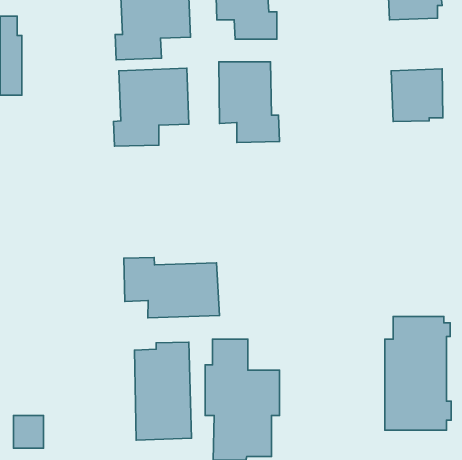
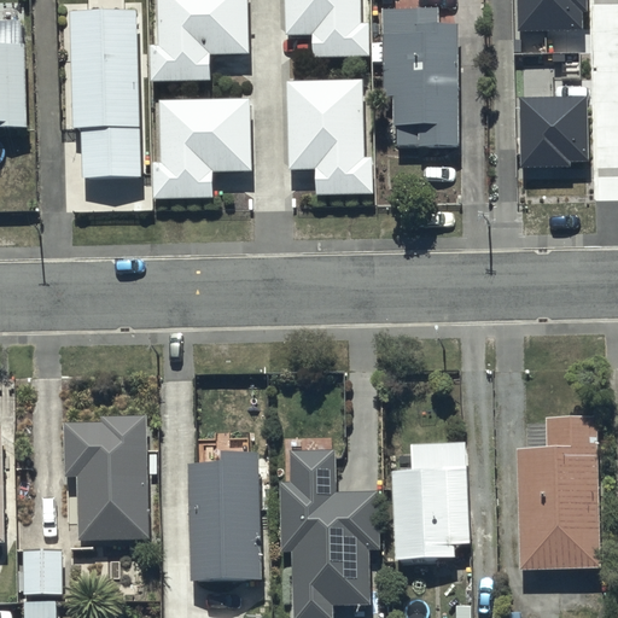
building: none -> [76,12,145,180]
building: none -> [384,13,460,152]
building: [124,258,219,318] -> none
building: none -> [60,416,145,543]
building: none -> [387,445,462,561]

